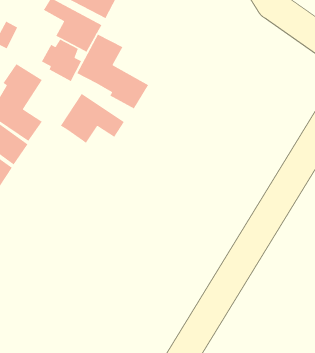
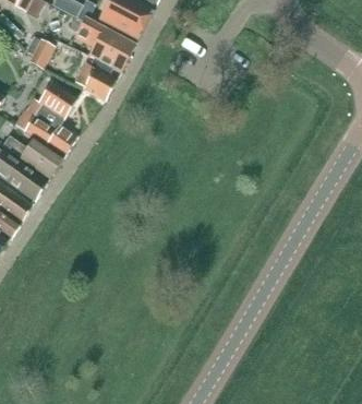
building: [76,34,149,109] -> none
building: [60,93,125,144] -> none

